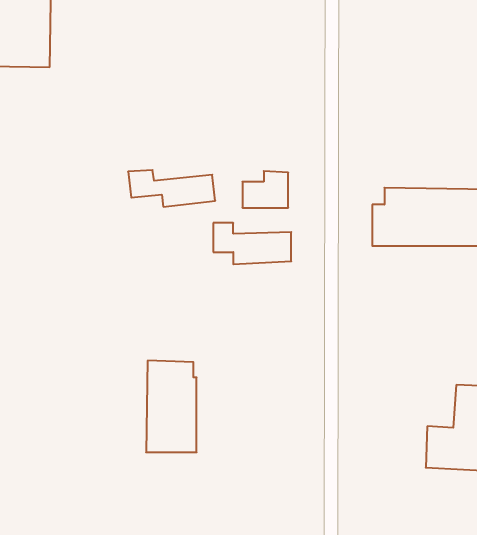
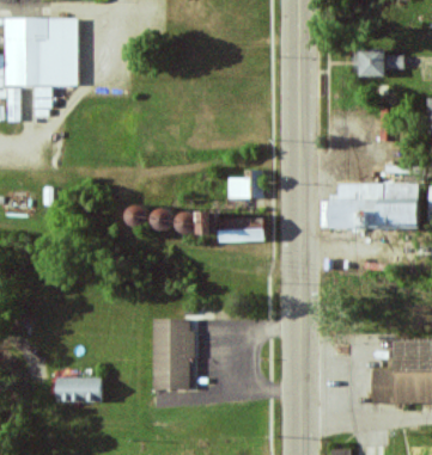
building: none -> [353,50,403,76]
building: [128,170,215,207] -> [128,203,196,232]
building: none -> [56,376,102,401]

